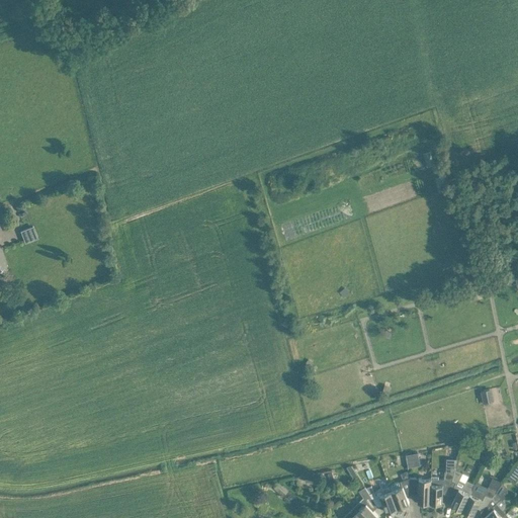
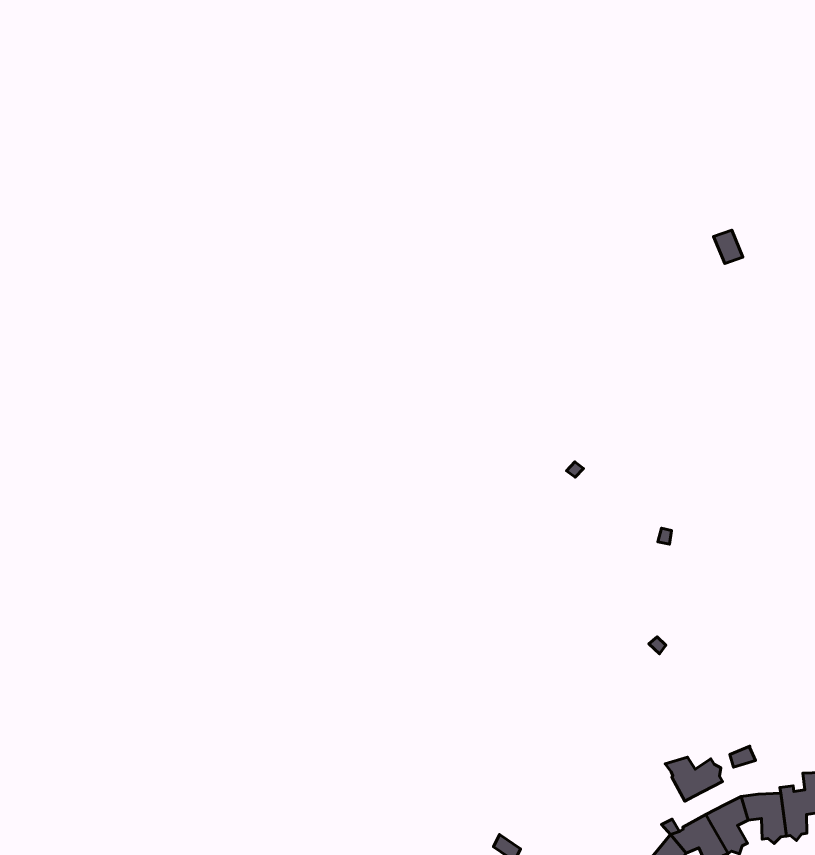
building: none -> [665,757,723,801]

